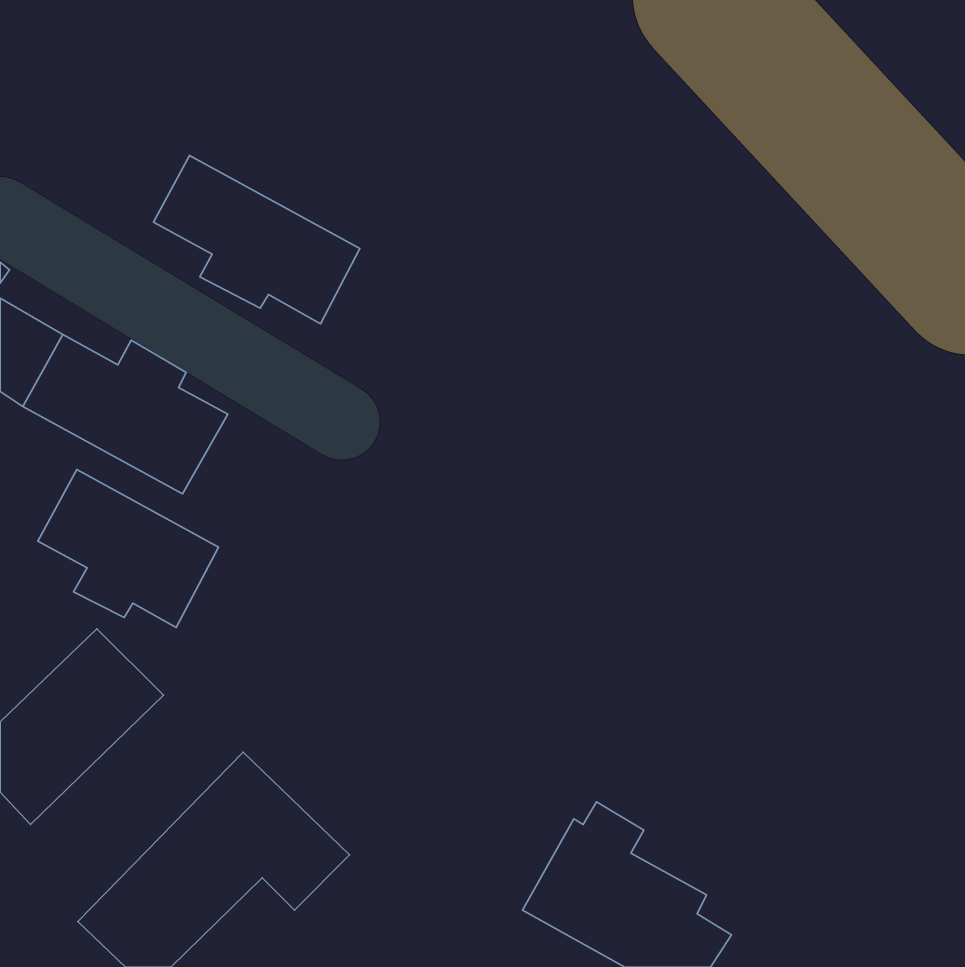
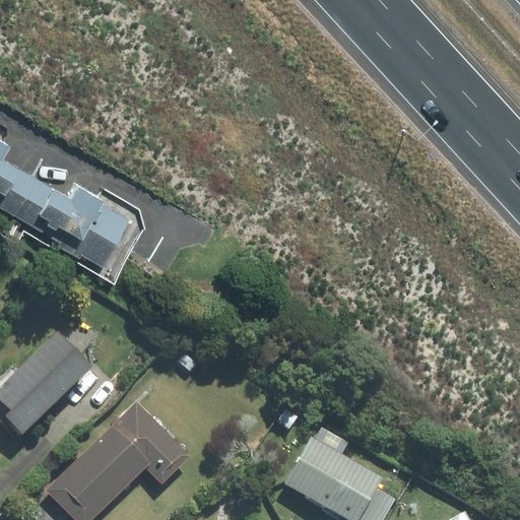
building: [153,155,360,324] -> none
building: [38,470,218,627] -> none

